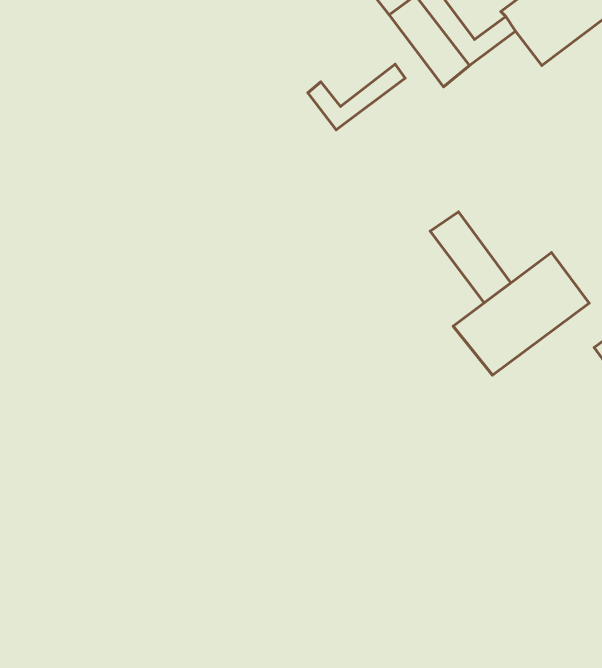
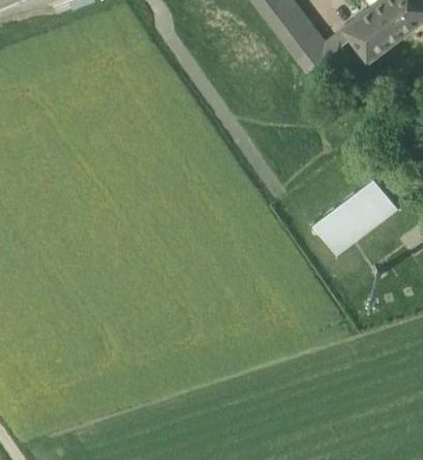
building: [308,64,405,130] -> none
building: [430,212,511,303] -> none

